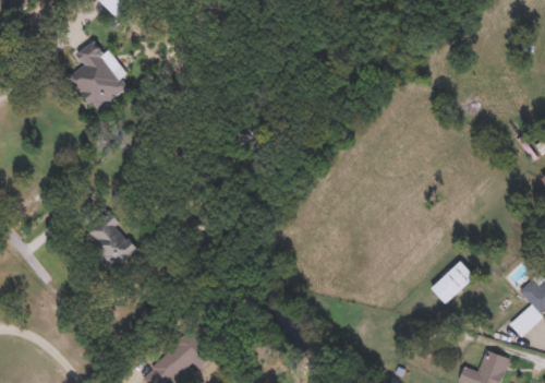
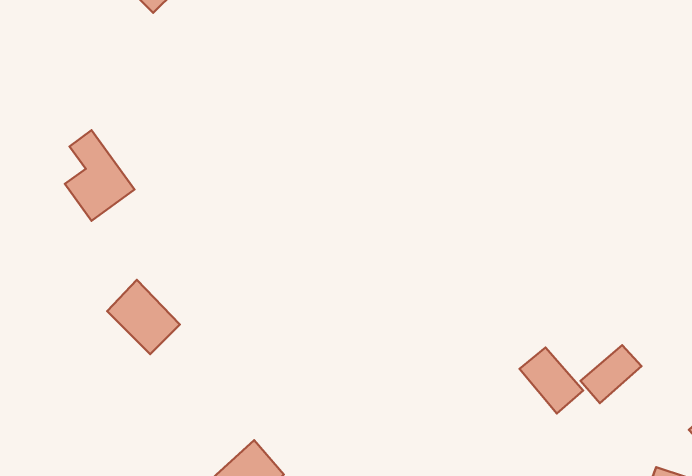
building: [75,45,126,111] -> [65,130,135,221]
building: none -> [519,348,583,414]

